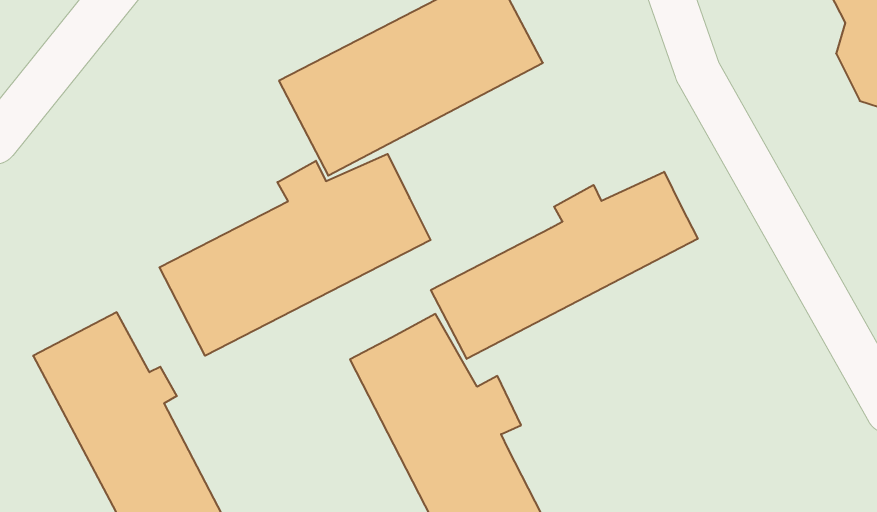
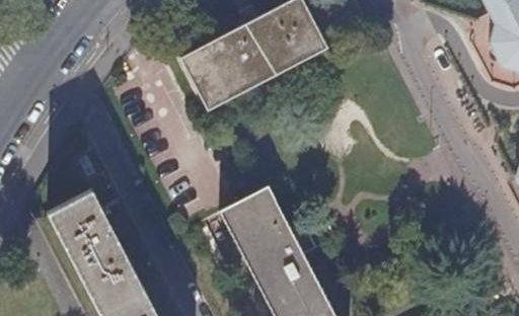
building: [159,154,431,356] -> none
building: [431,172,698,359] -> none

